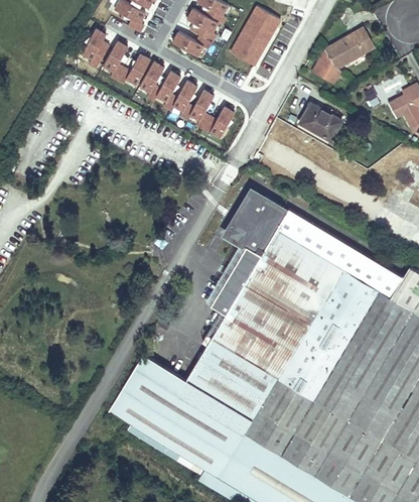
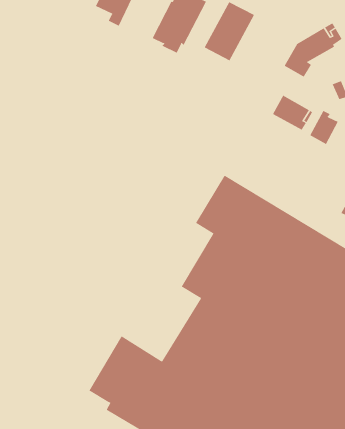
building: [80,27,237,139] -> none
building: none -> [309,110,338,145]

